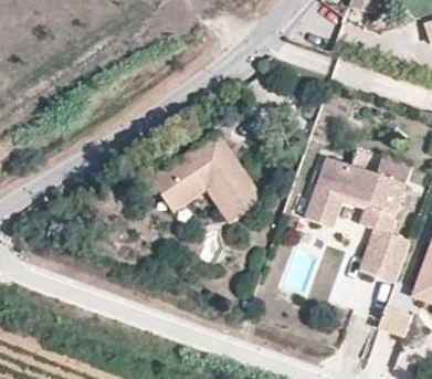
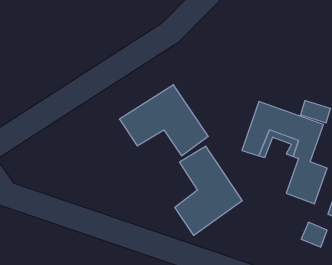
building: none -> [175,146,242,235]

